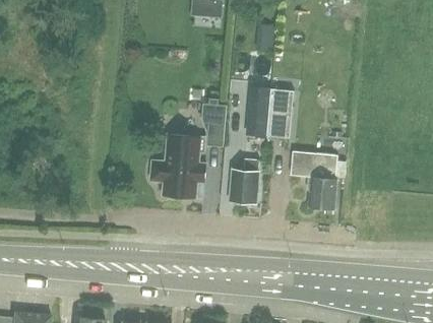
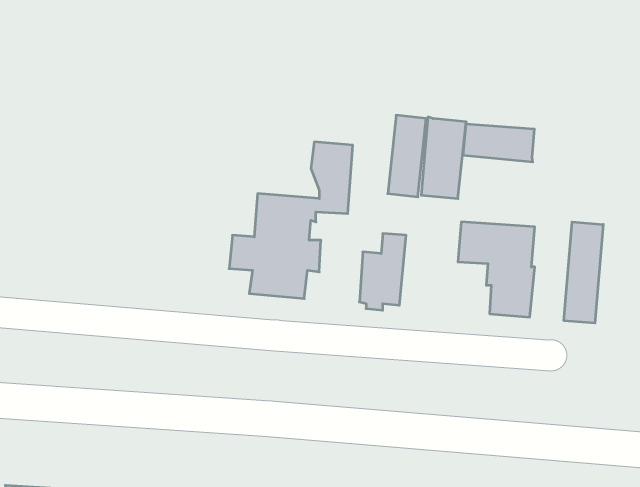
building: none -> [463,124,534,162]
building: none -> [564,222,603,323]

